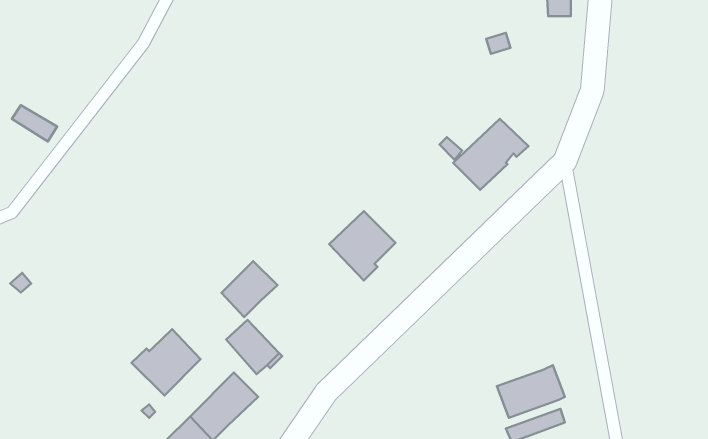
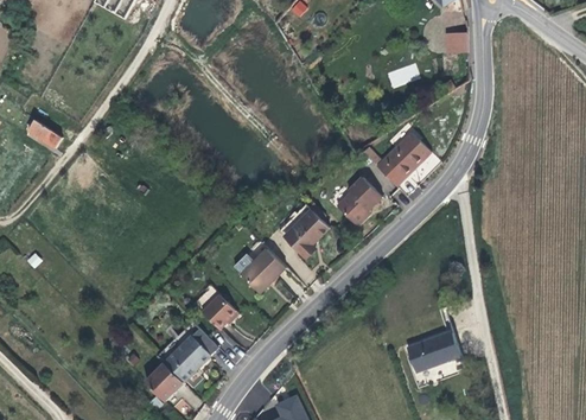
building: none -> [337,177,382,227]
building: [221,261,277,317] -> [242,250,286,294]
building: [132,329,201,395] -> none

